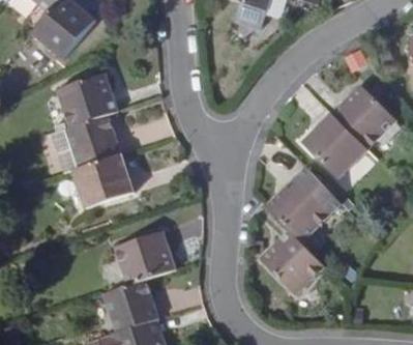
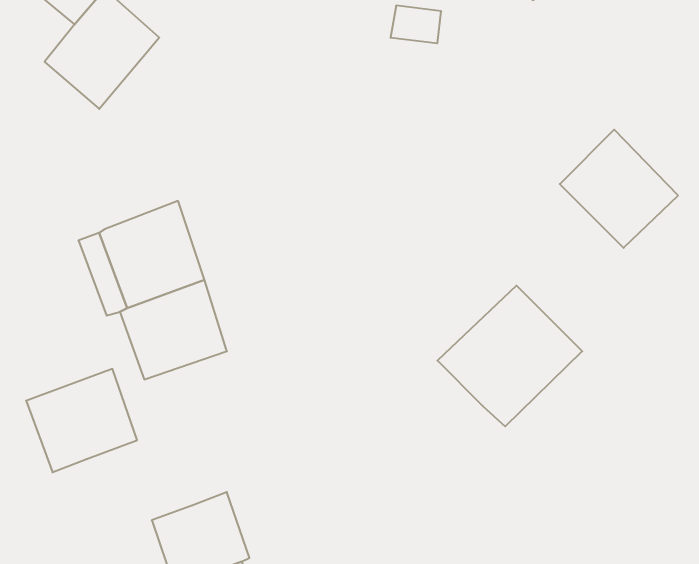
building: [65,79,126,136] -> none
building: [300,111,364,176] -> none
building: [113,231,174,288] -> [26,369,137,472]
building: [258,233,323,297] -> none

